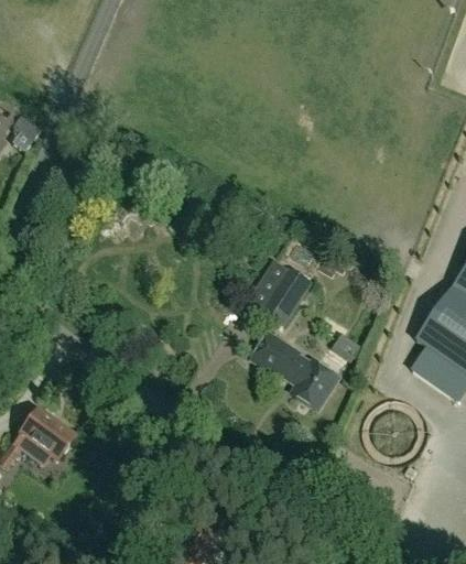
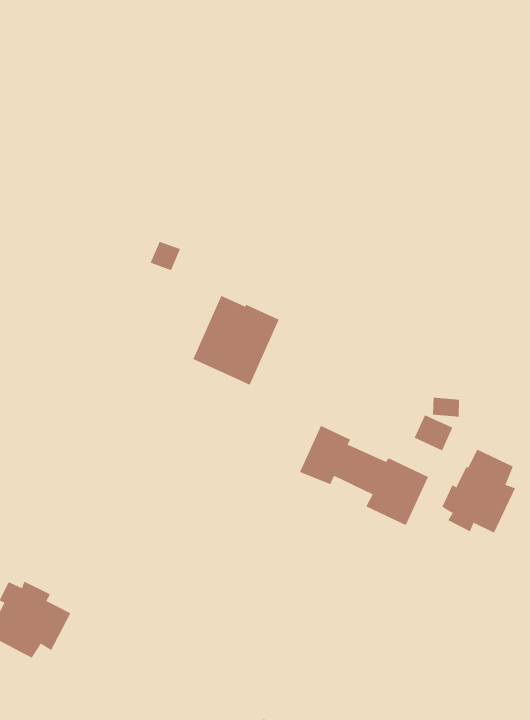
building: [247,260,312,326] -> [193,295,280,385]
building: none -> [441,449,516,533]

